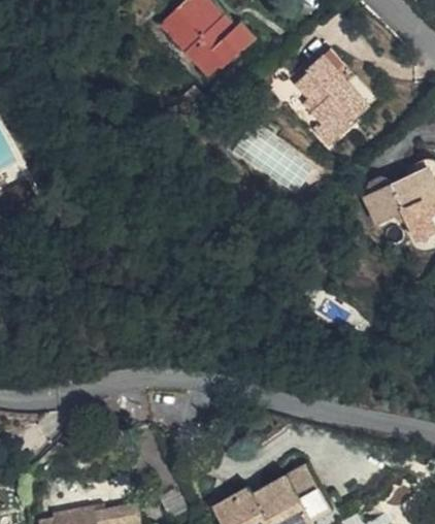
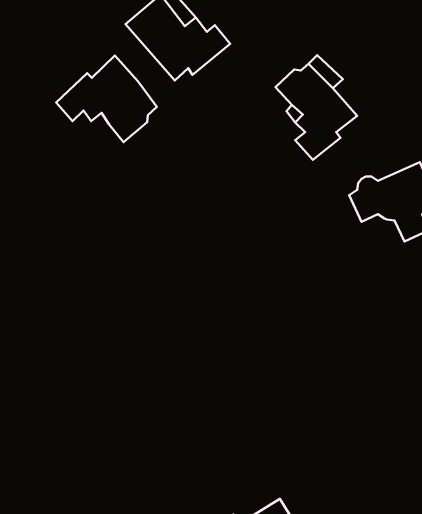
building: none -> [56,55,157,142]

